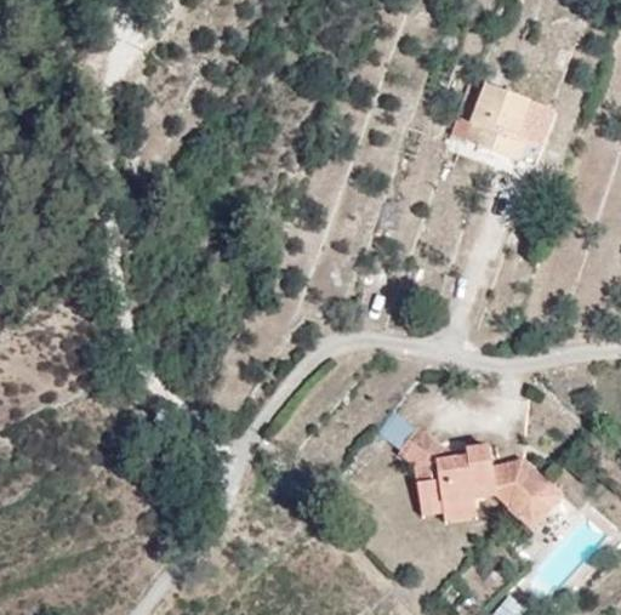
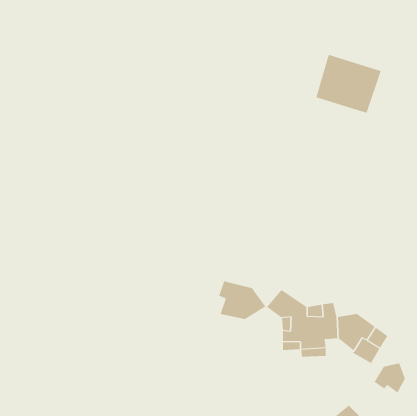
building: none -> [219,280,266,320]
building: none -> [374,362,406,393]

